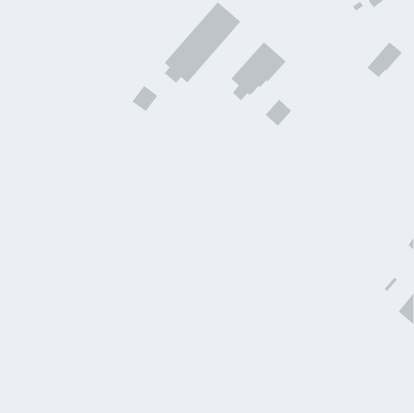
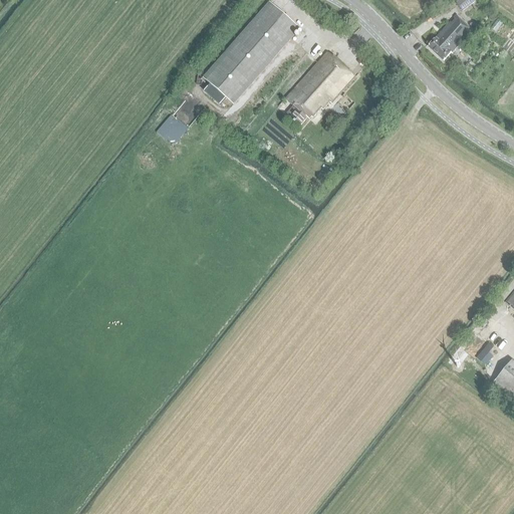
building: [366,41,403,78] -> [427,13,472,58]
building: [265,99,292,127] -> none

